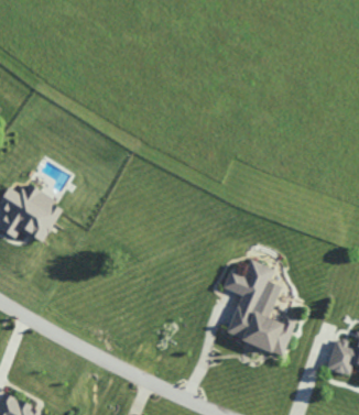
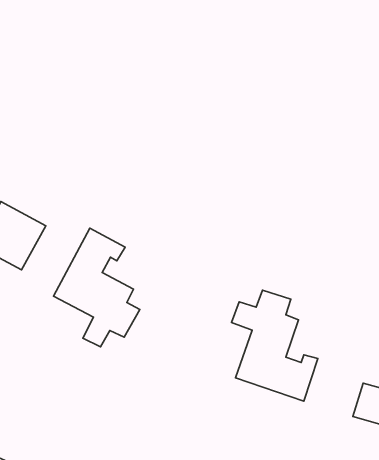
building: none -> [53,228,140,347]

